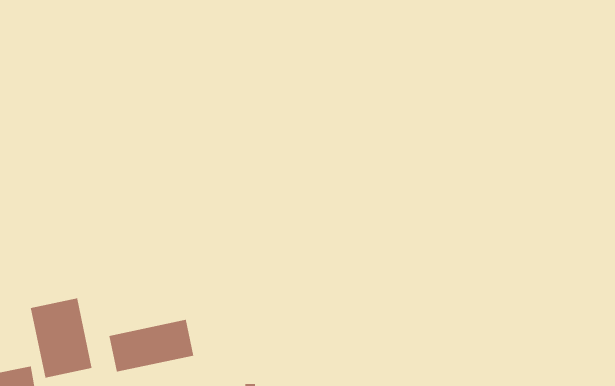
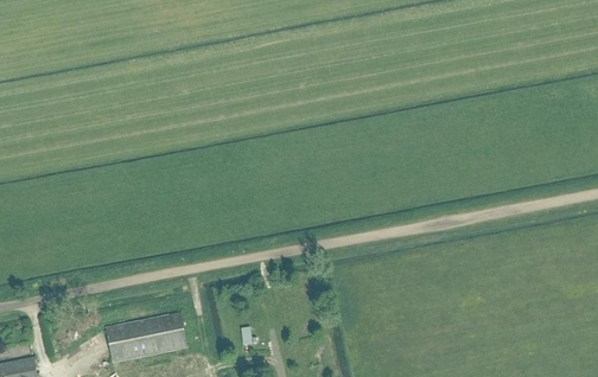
building: [30,297,92,378] -> none

